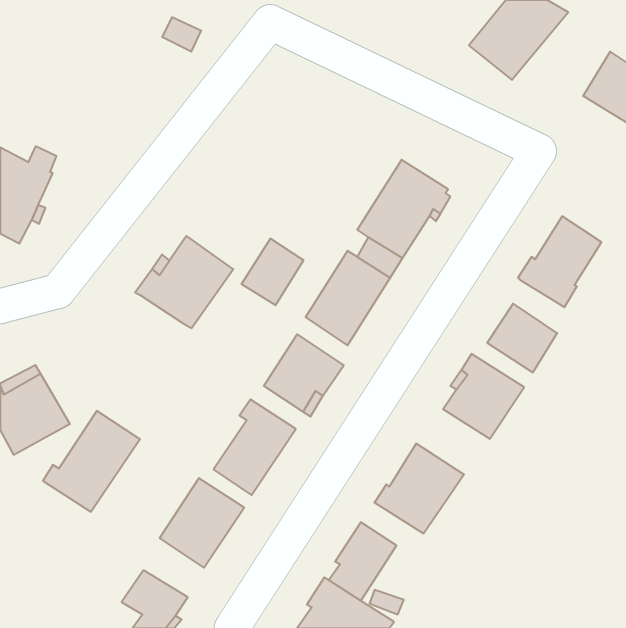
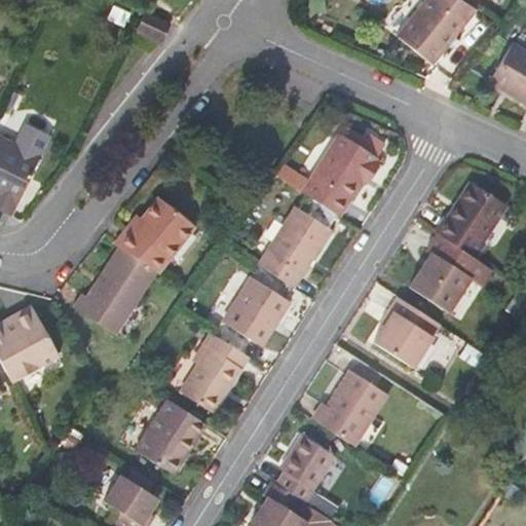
building: [242,238,303,305] -> none
building: none -> [426,234,491,286]
building: [43,411,140,512] -> [73,247,154,331]

